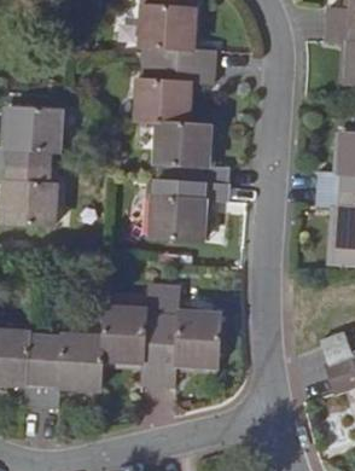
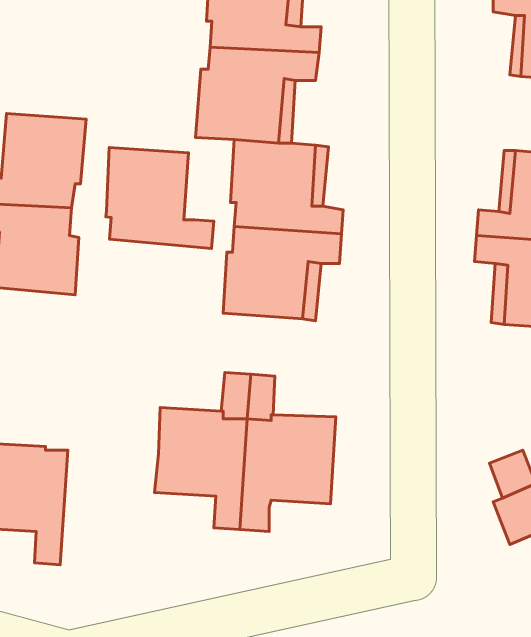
building: none -> [106,147,214,249]
building: [42,328,106,406] -> none

